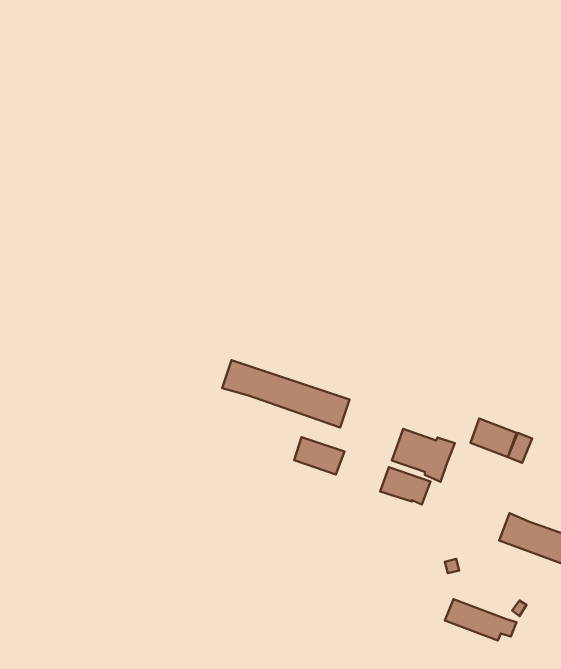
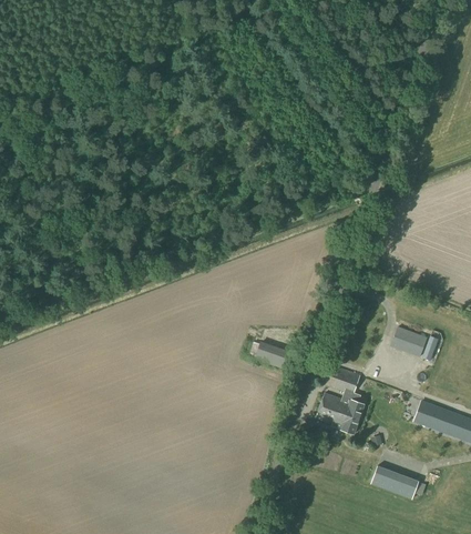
building: [222,360,349,427] -> none
building: [392,429,455,482] -> [316,393,365,434]

